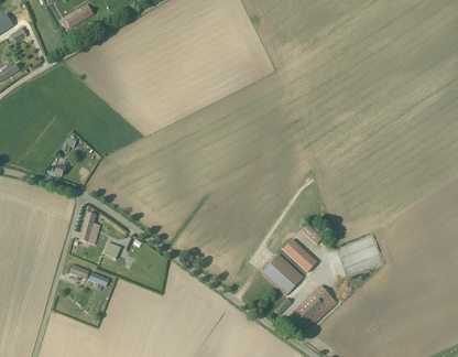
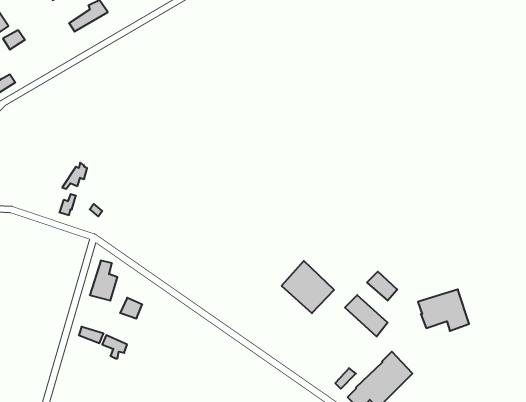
building: [261,253,303,295] -> [282,261,334,313]

